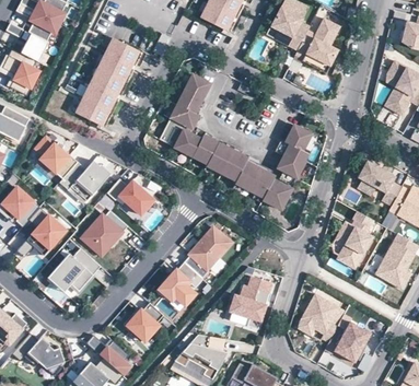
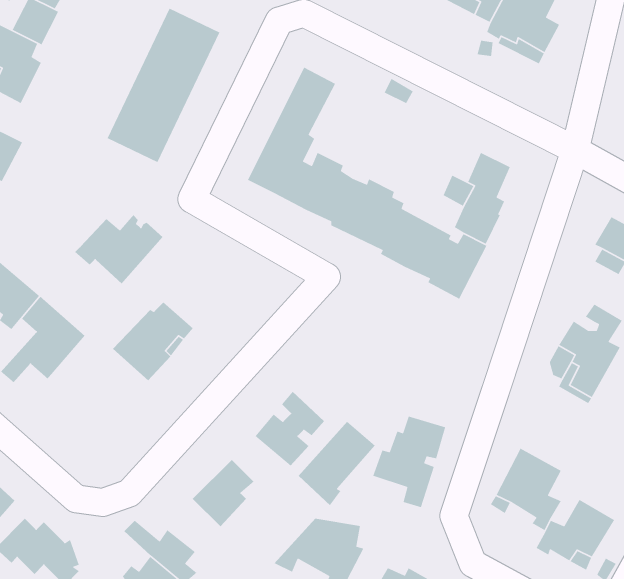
building: [34,137,77,178] -> none
building: [109,179,155,215] -> none
building: [184,230,229,279] -> [298,421,376,506]
building: [46,247,100,292] -> none

